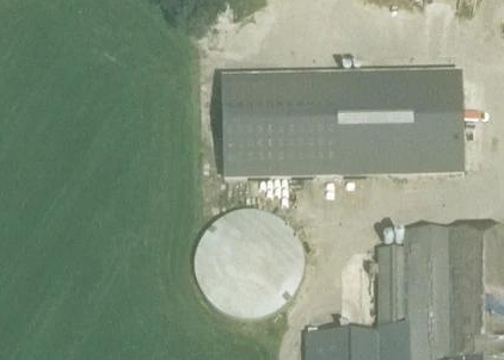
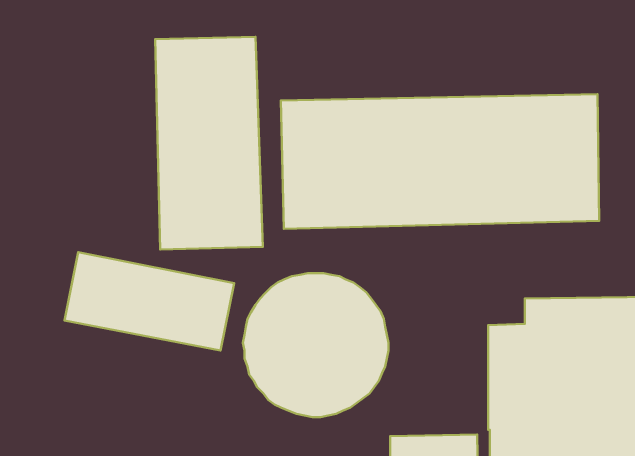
building: none -> [155,37,263,249]
building: none -> [65,252,234,351]

